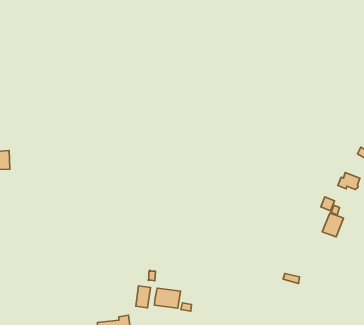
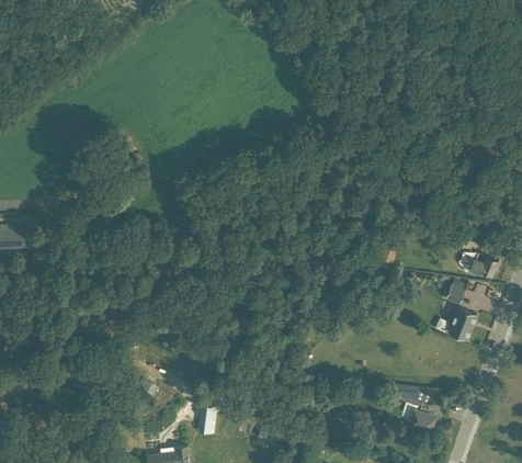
building: none -> [406,400,434,430]
building: [154,288,181,308] -> none

